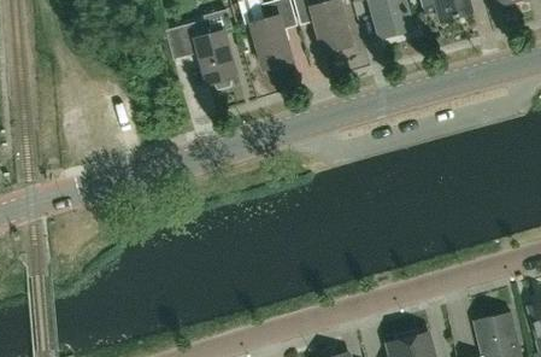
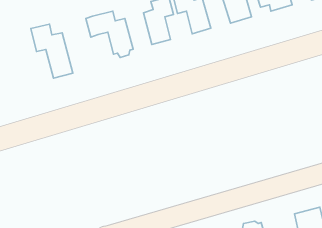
building: none -> [31,24,73,78]

